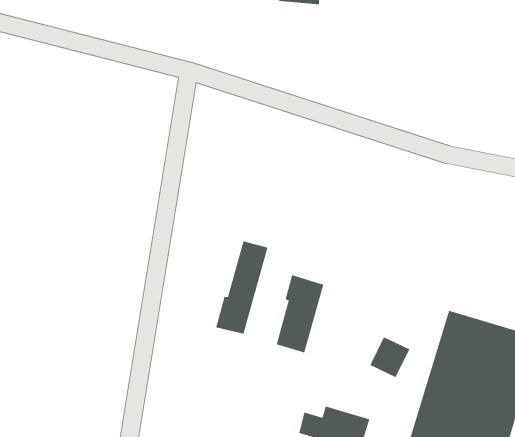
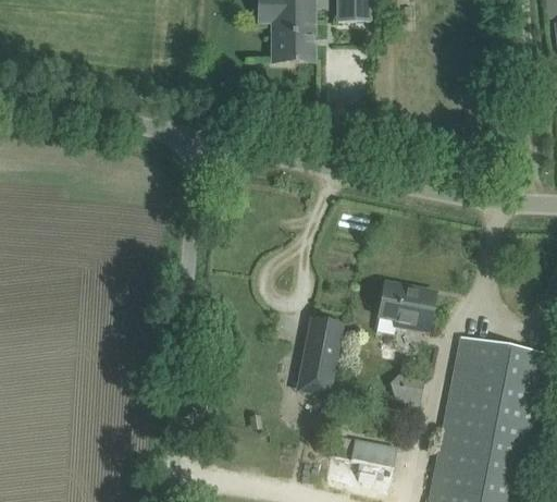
building: [216,241,268,334] -> none
building: none -> [375,281,434,332]

